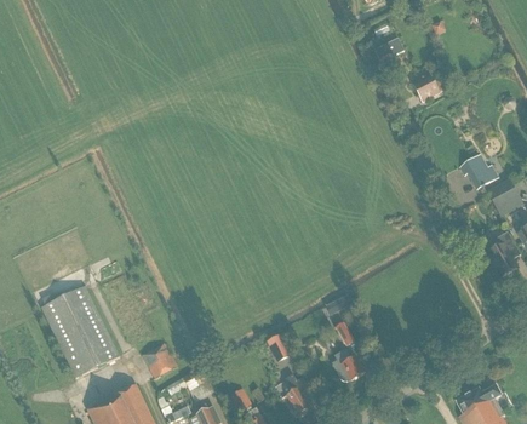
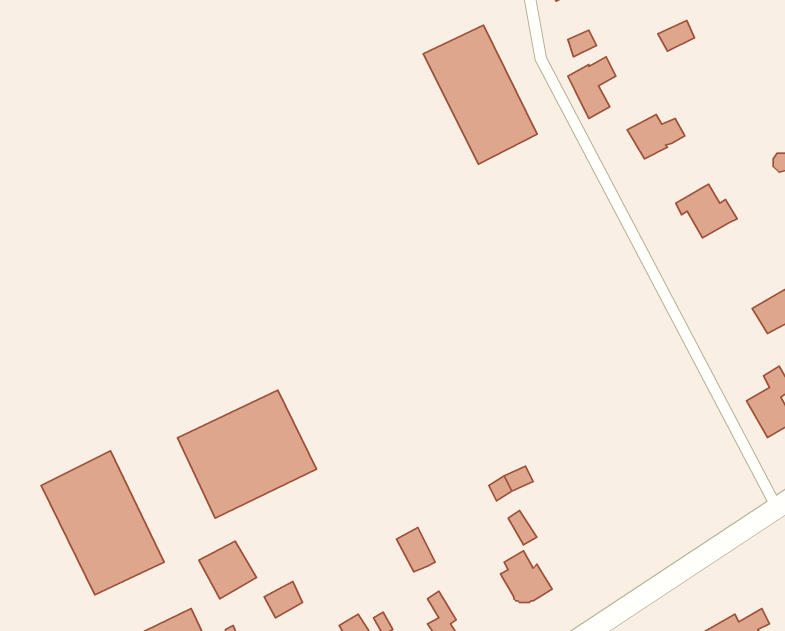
building: none -> [423,25,537,164]
building: [460,155,499,189] -> [676,184,737,238]
building: none -> [177,390,317,518]

